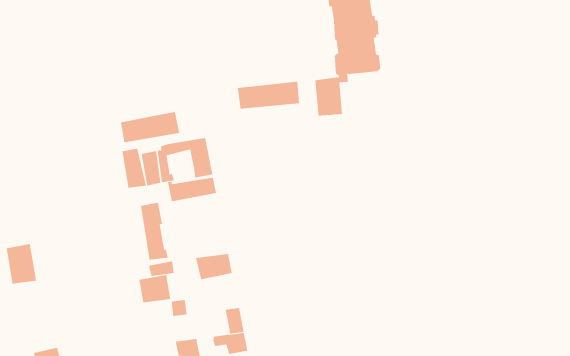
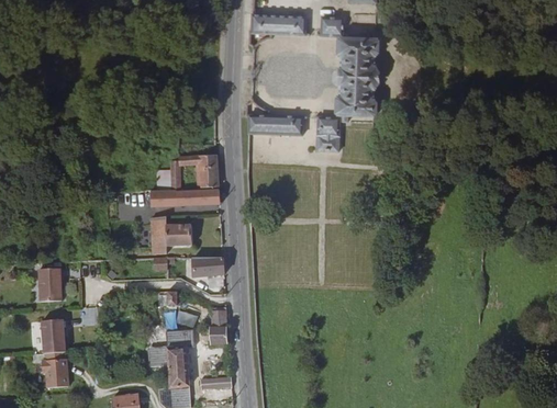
building: [121,111,180,143] -> none
building: [122,148,146,188] -> none
building: [6,244,37,284] -> [37,268,60,301]
building: [138,274,171,304] -> [166,223,192,246]

